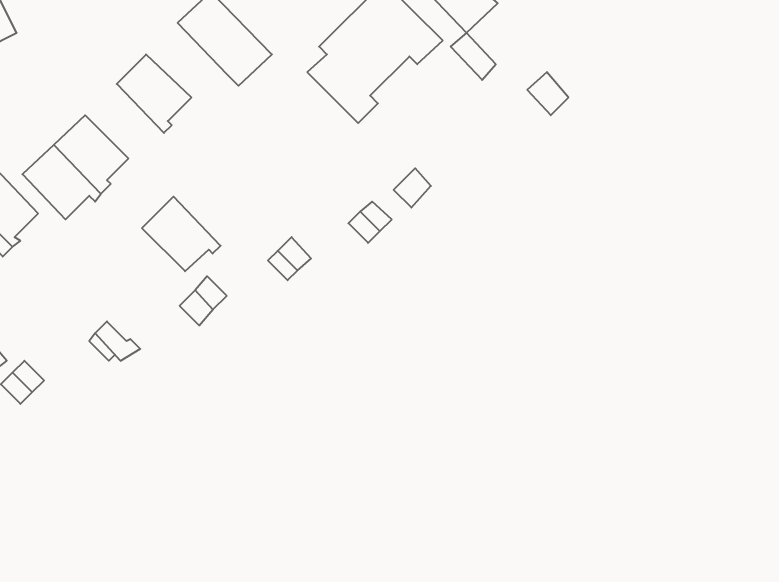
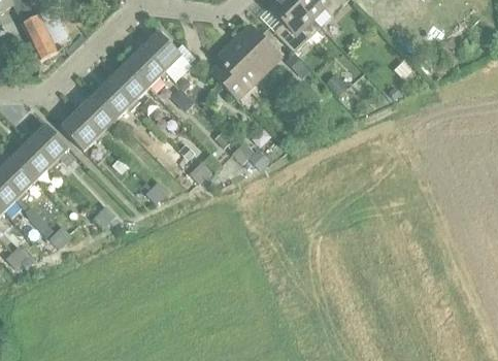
building: none -> [125,46,167,86]
building: [142,197,221,271] -> [93,78,134,118]

